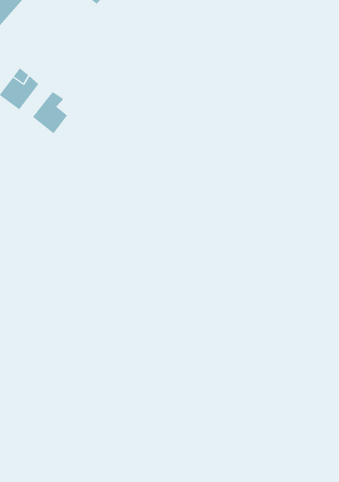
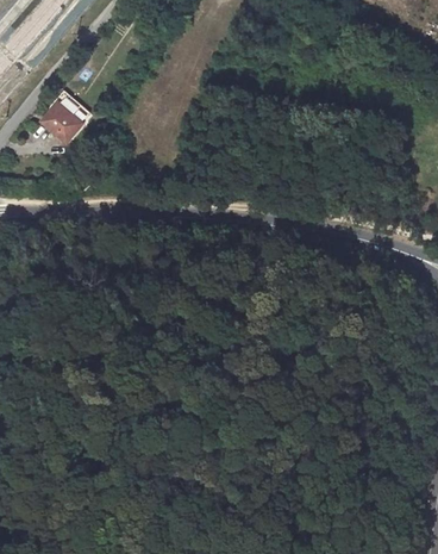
building: [32,91,68,134] -> none

